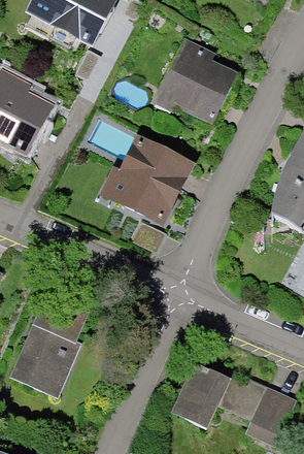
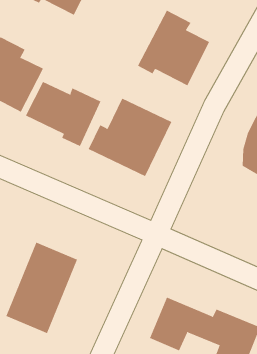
building: none -> [25,81,101,147]

